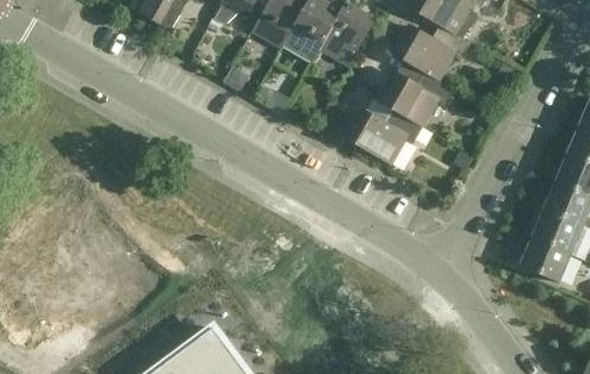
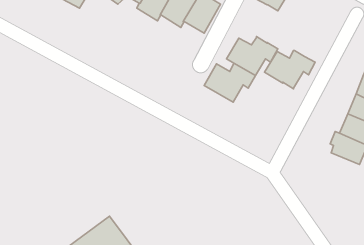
building: [398,25,471,80] -> [265,51,315,89]
building: [520,237,572,282] -> none

